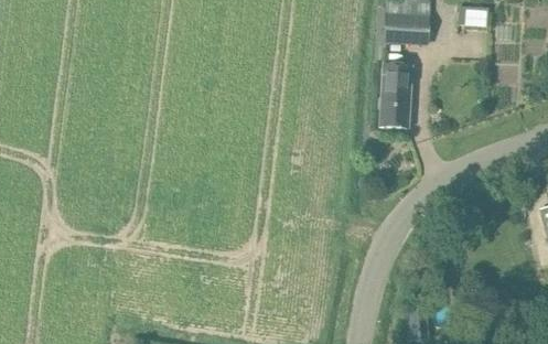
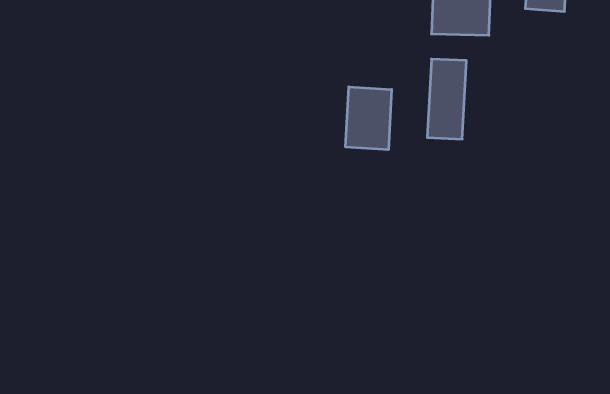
building: none -> [346,87,392,150]

